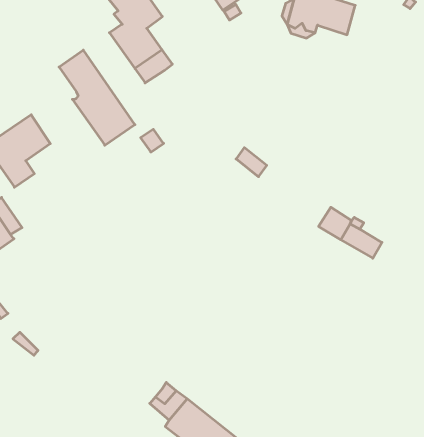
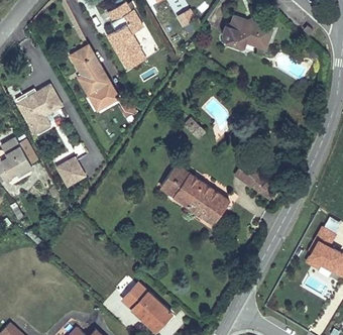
building: none -> [54,154,86,187]
building: none -> [160,163,229,224]

